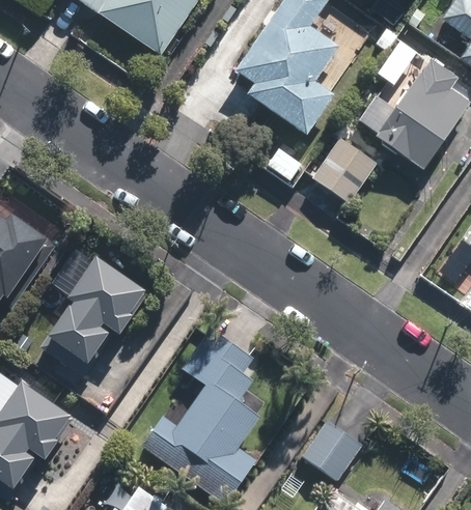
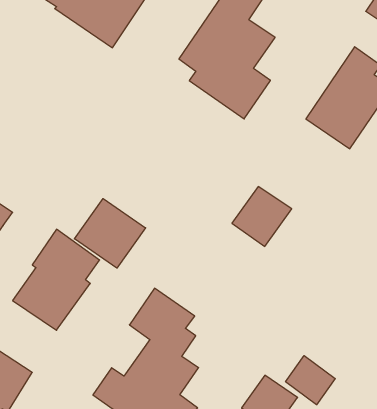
building: [312,136,379,202] -> [232,187,292,246]
building: none -> [74,199,146,268]
building: none -> [286,356,335,405]

